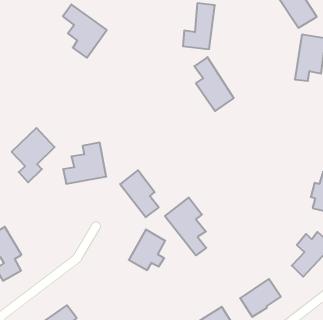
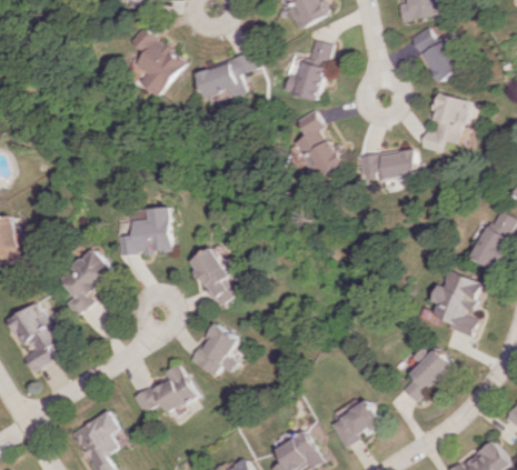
building: none -> [199,53,257,97]
building: none -> [361,149,419,178]
building: [12,128,55,182] -> [58,248,113,317]
building: [165,198,206,255] -> none
building: none -> [131,362,197,413]

